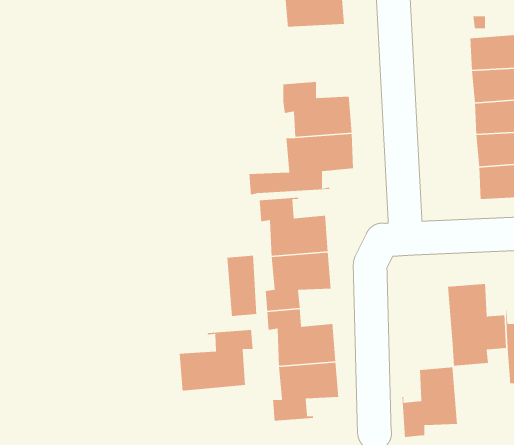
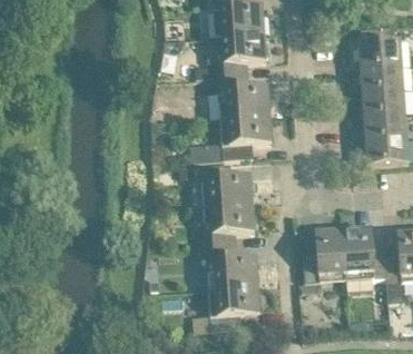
building: none -> [216,31,266,76]
building: [226,255,257,317] -> none
building: [179,329,254,392] -> none
building: [401,366,458,438] -> [303,227,345,281]

